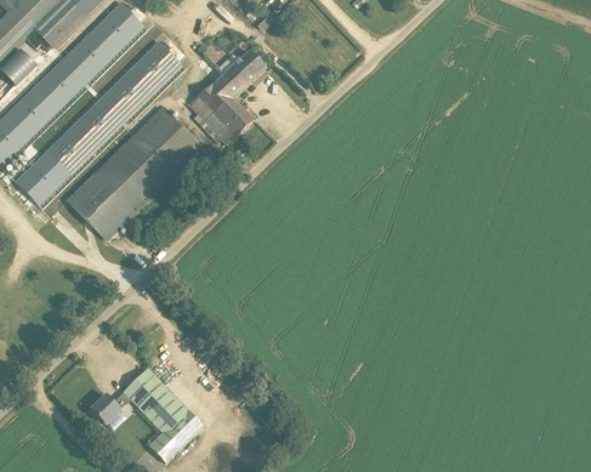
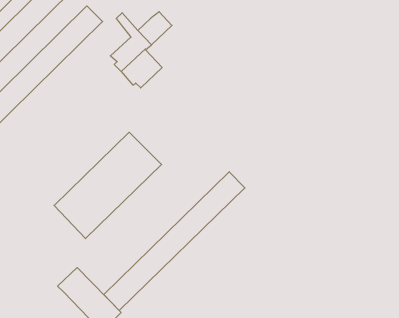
building: [69,106,203,238] -> [54,132,162,239]
building: none -> [104,172,245,311]
building: [92,389,131,421] -> none

